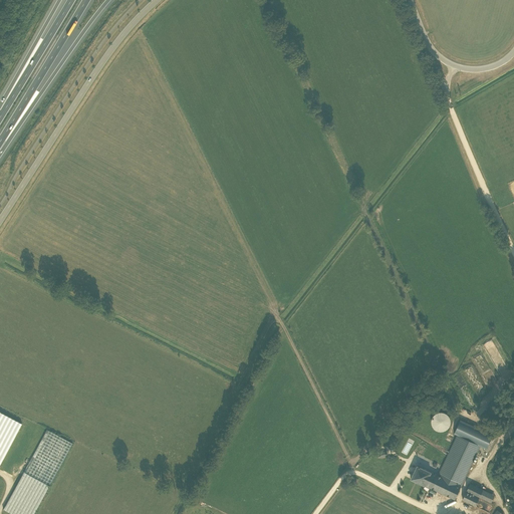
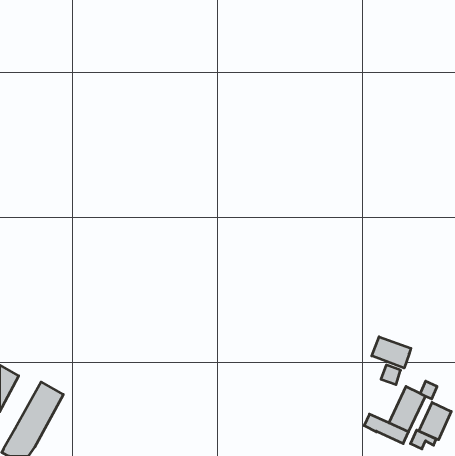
building: none -> [372,337,411,368]
building: none -> [419,402,451,440]

